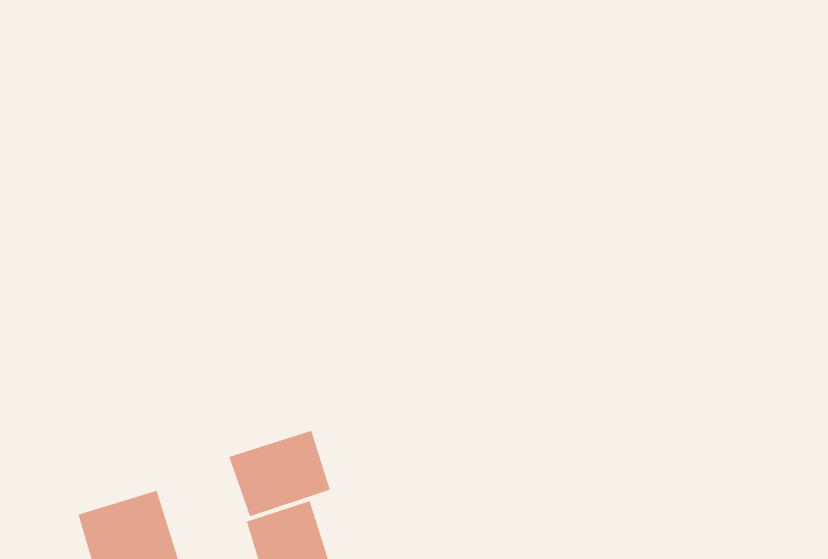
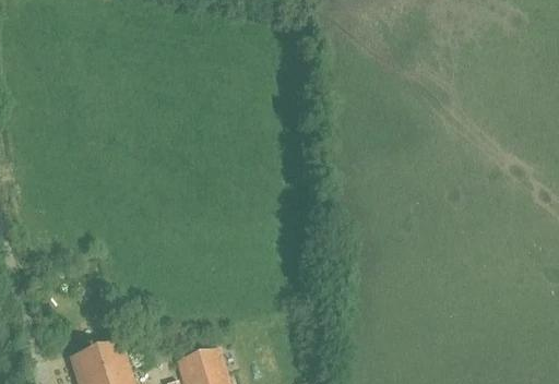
building: [228,430,331,517] -> none

